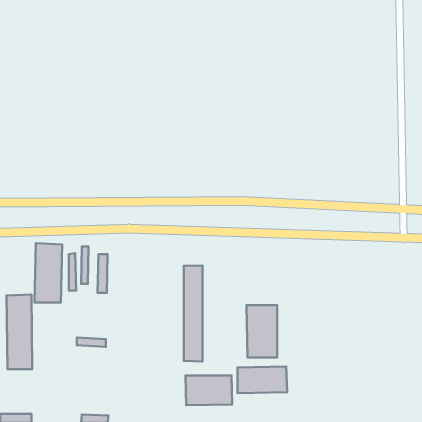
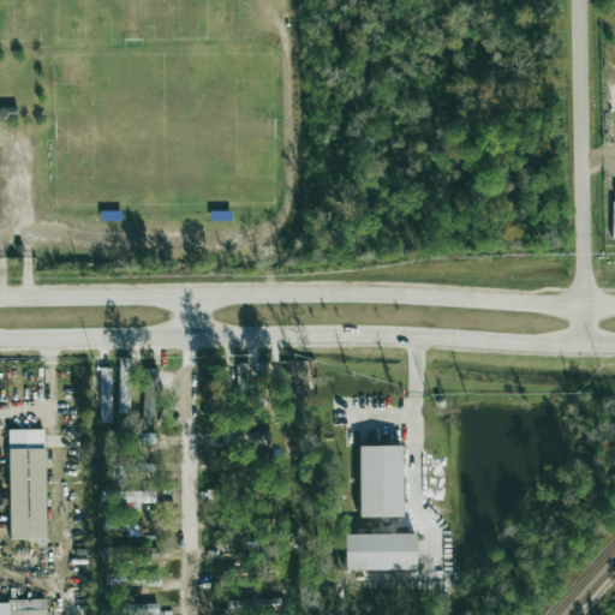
building: [34,243,62,303] -> none
building: [184,265,202,362] -> none
building: [186,376,232,405] -> none

